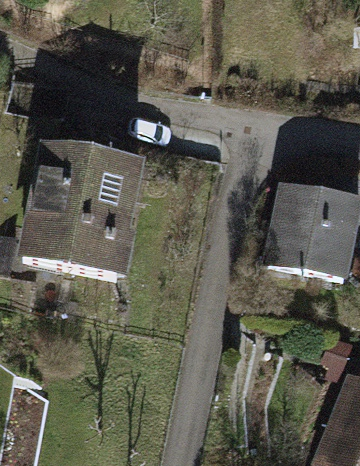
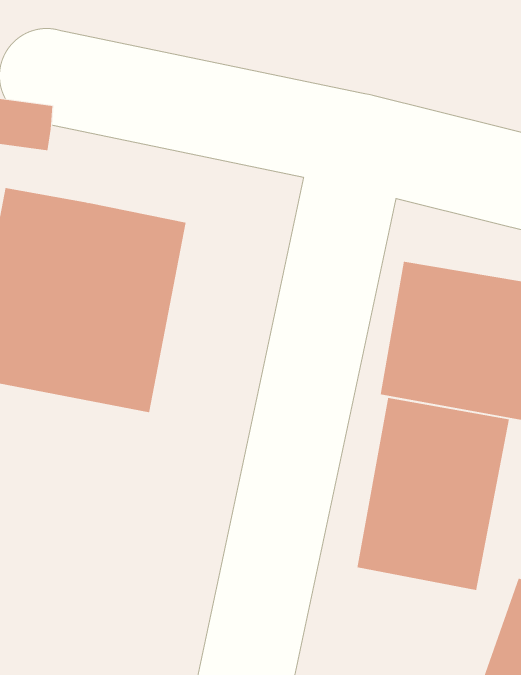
building: none -> [357,397,509,591]

